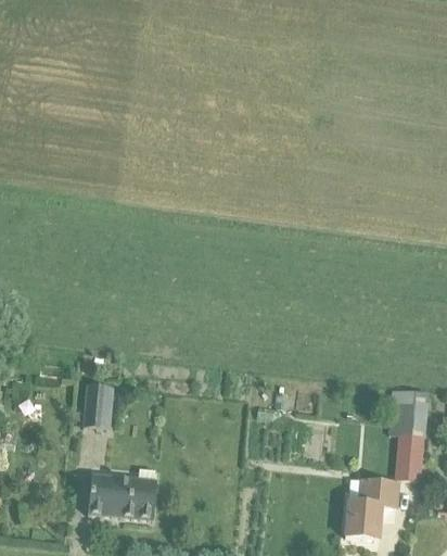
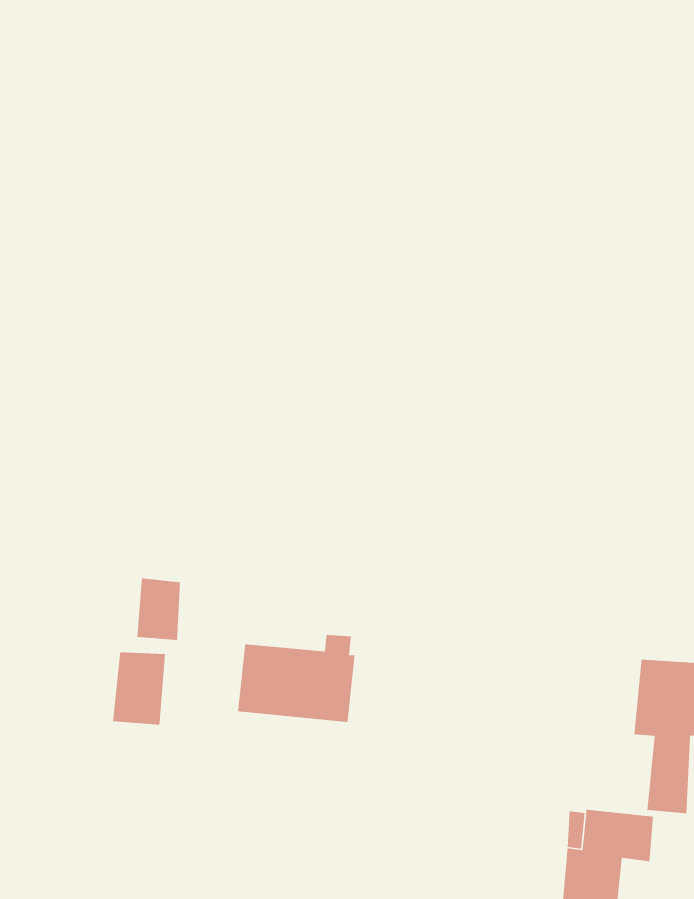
building: none -> [137,577,181,641]
building: [87,467,156,519] -> [237,634,355,723]

